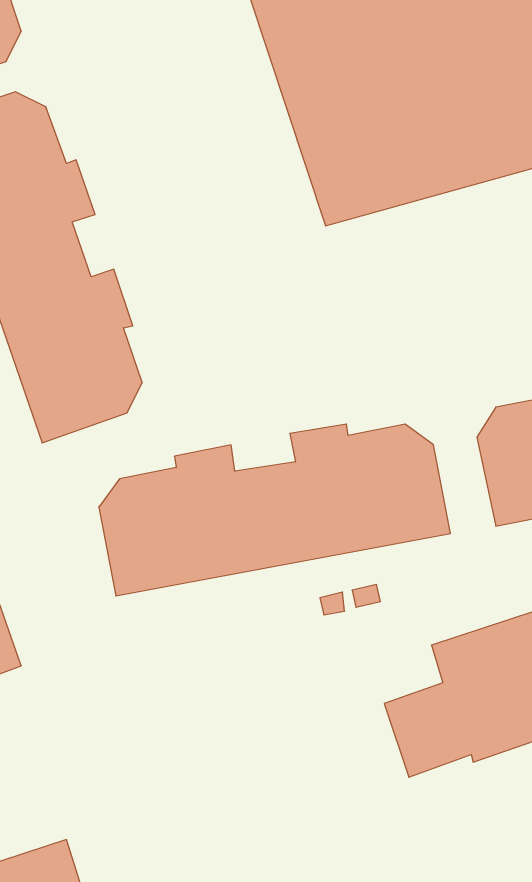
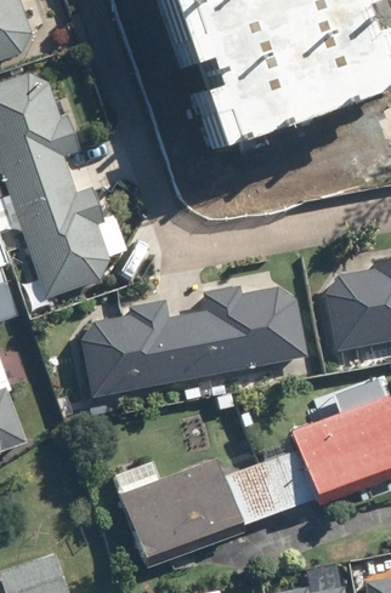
building: none -> [123,458,278,566]

